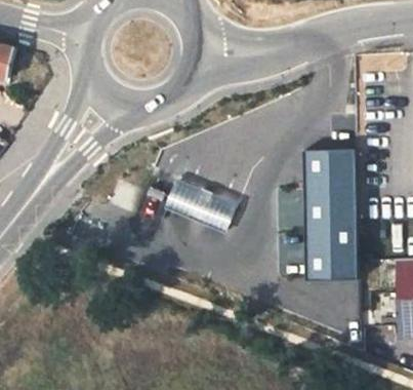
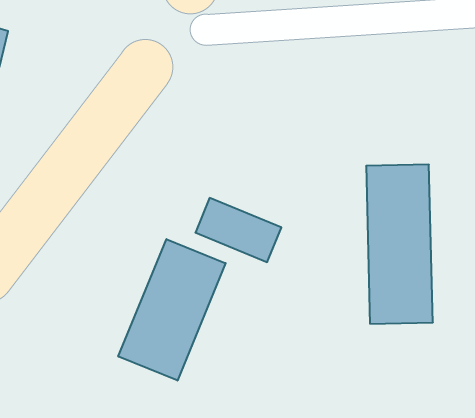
building: none -> [118,239,226,381]

